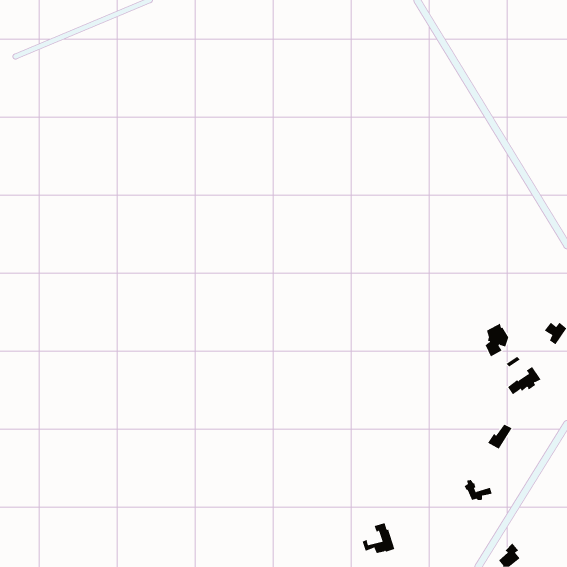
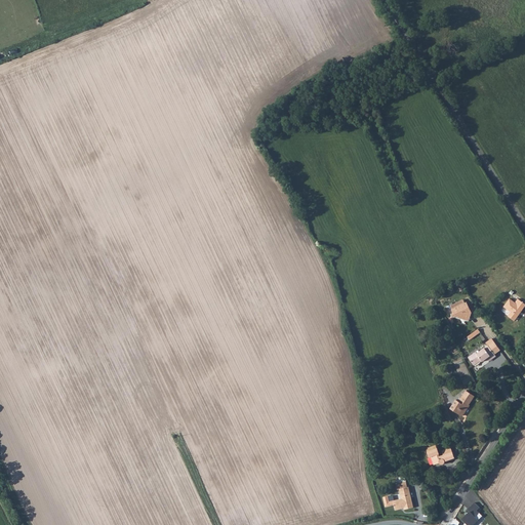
building: [362,523,395,554] -> [381,480,412,509]

